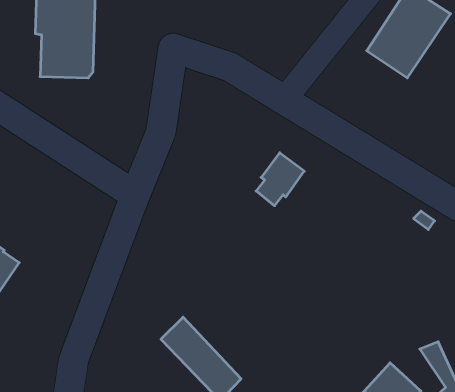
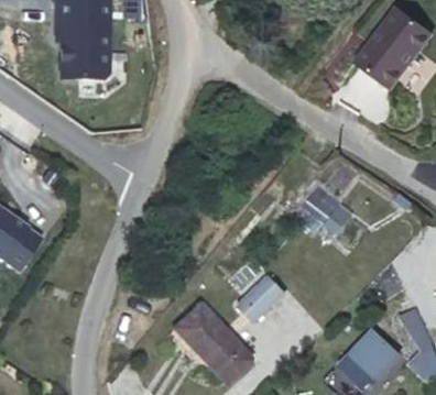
building: [256,153,304,206] -> [298,187,341,234]
building: none -> [238,278,285,325]

